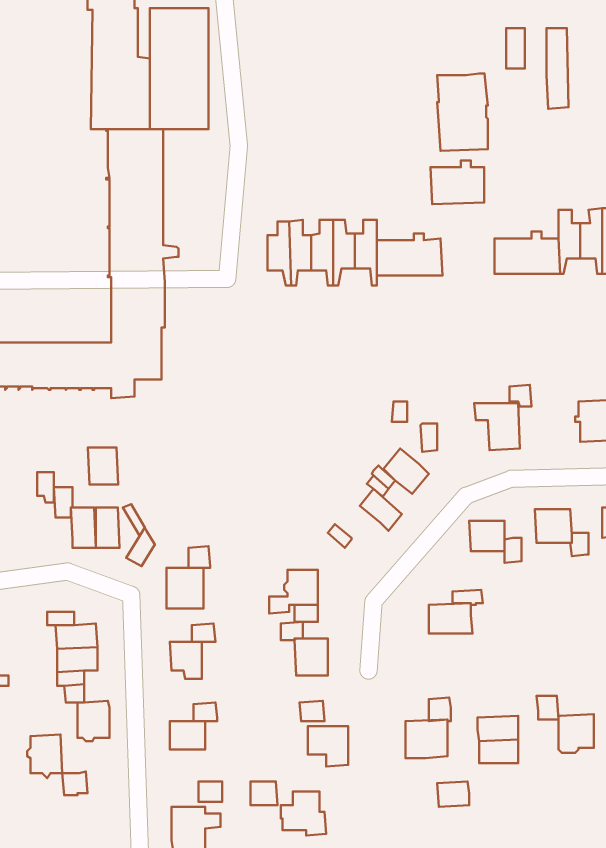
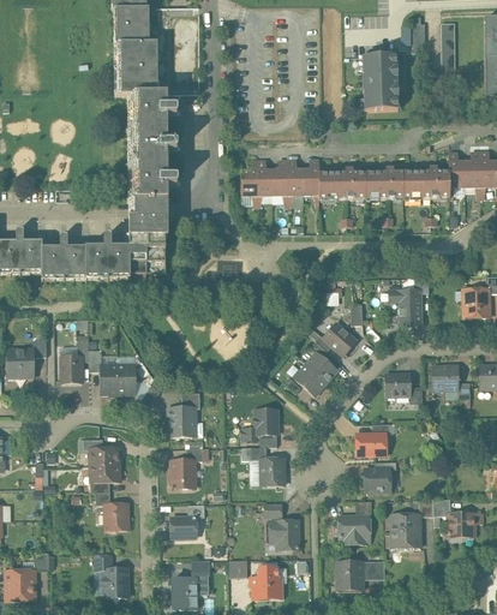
building: [430,160,484,204] -> [364,167,402,198]
building: [88,447,118,484] -> [60,356,82,382]
building: none -> [293,363,327,395]
building: none -> [364,468,393,490]
building: [27,734,62,778] -> [102,568,127,599]
building: none -> [336,561,363,590]

